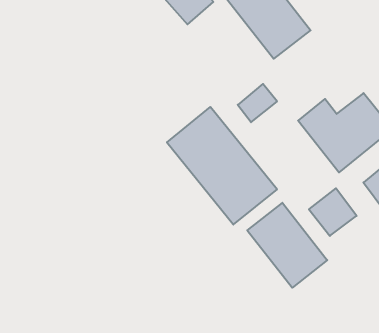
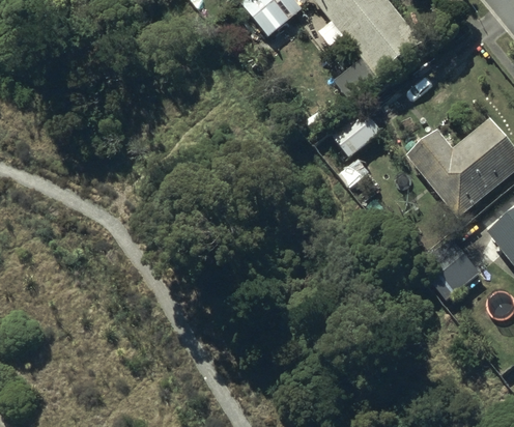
building: [167,107,277,225] -> none
building: [247,203,327,288] -> none

